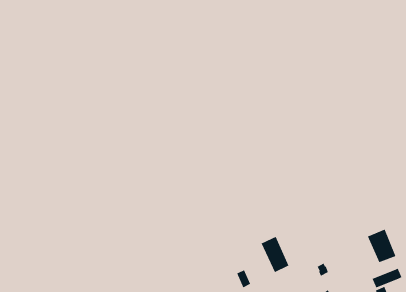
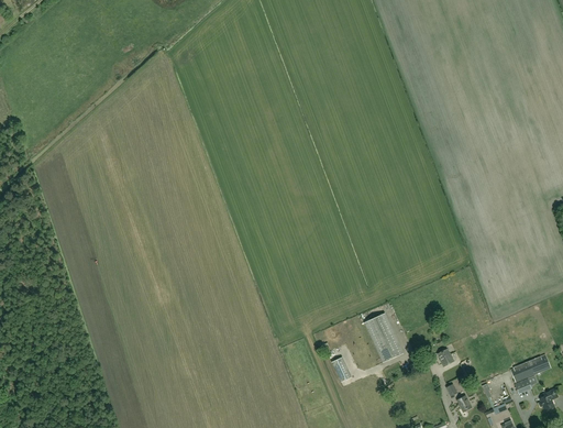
building: [367,229,396,263] -> none

